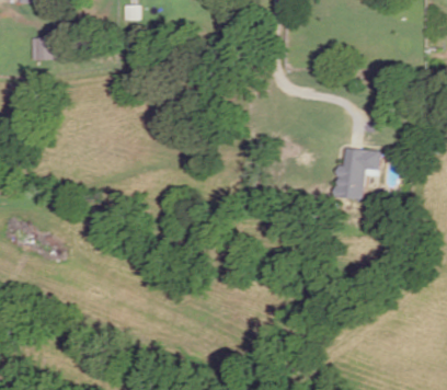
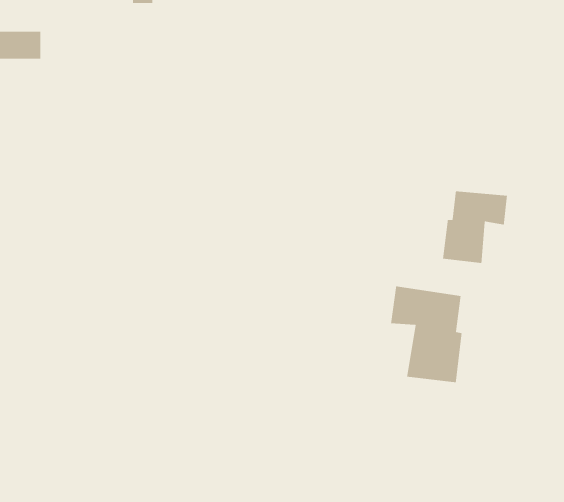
building: none -> [390,286,463,383]

